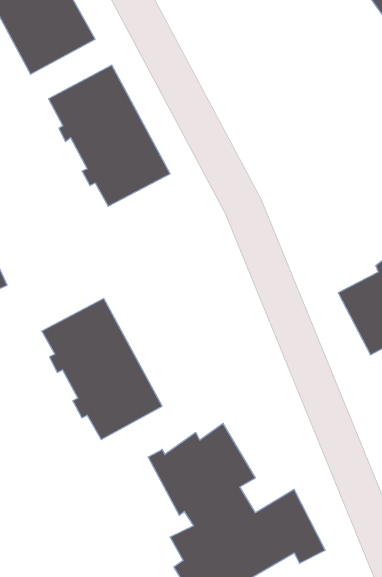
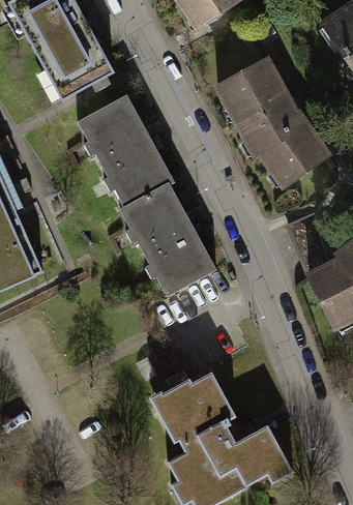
building: none -> [218,60,326,184]
building: [42,299,162,440] -> [119,182,215,295]

